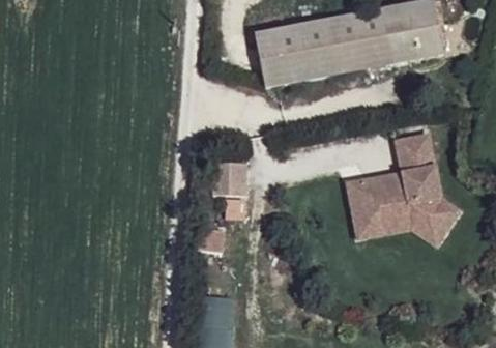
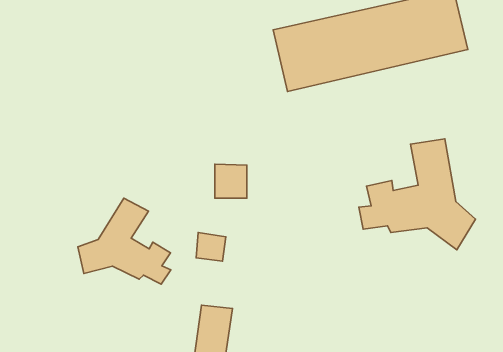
building: none -> [78,198,171,284]
building: [350,216,438,245] -> none

